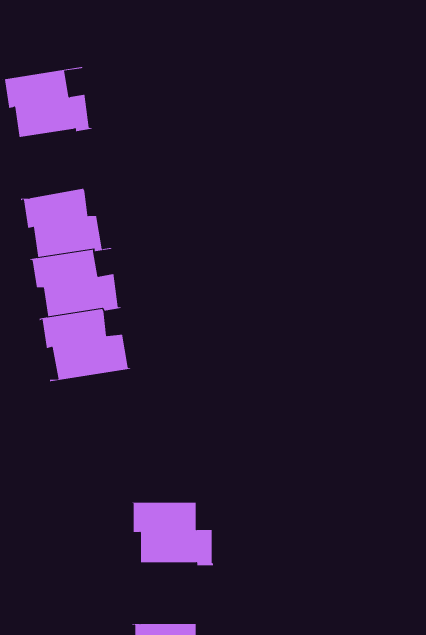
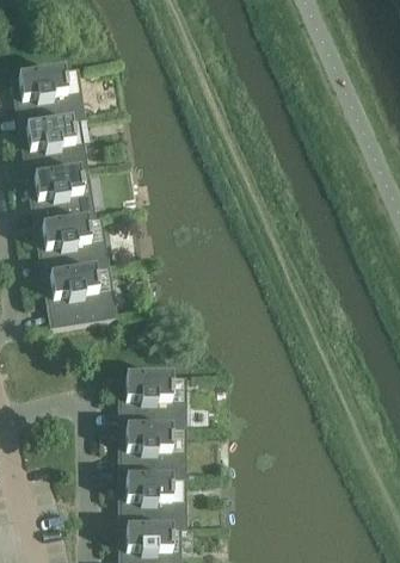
building: none -> [18,120,88,178]
building: none -> [118,378,186,431]
building: none -> [118,478,187,531]

